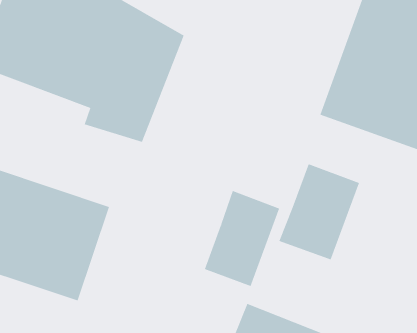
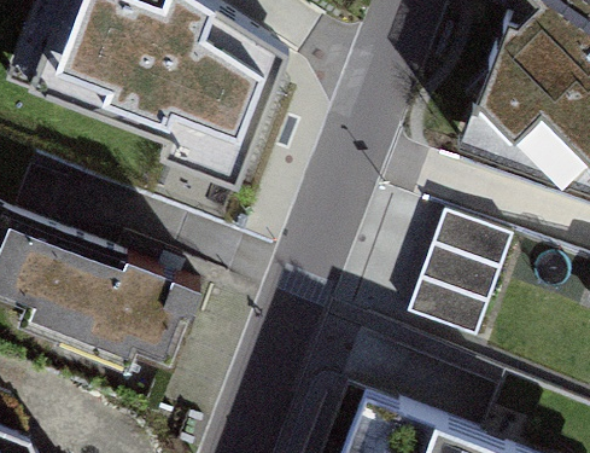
building: [204,190,280,287] -> none

